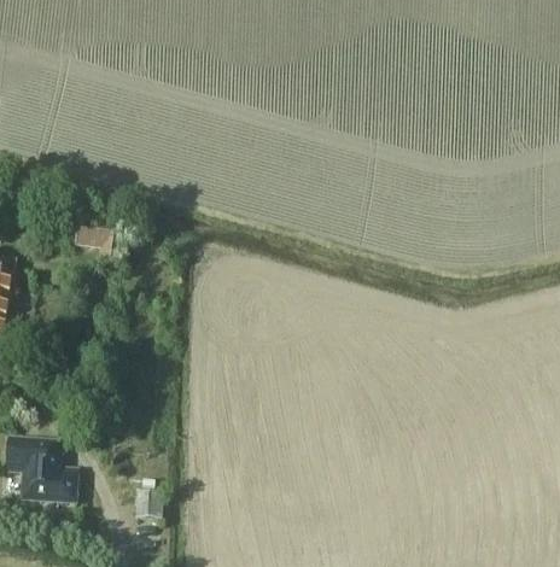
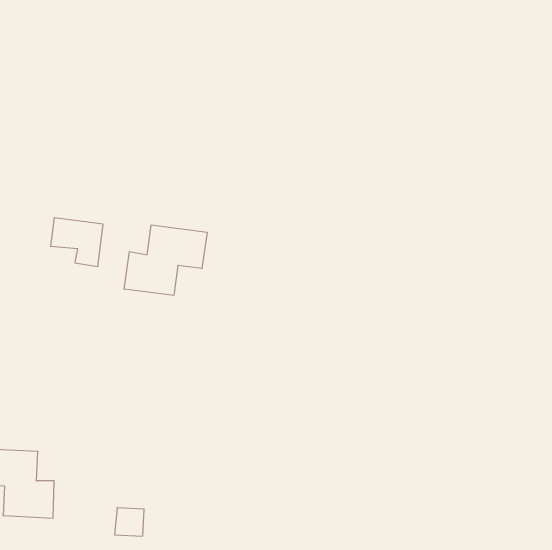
building: none -> [124,225,207,295]

